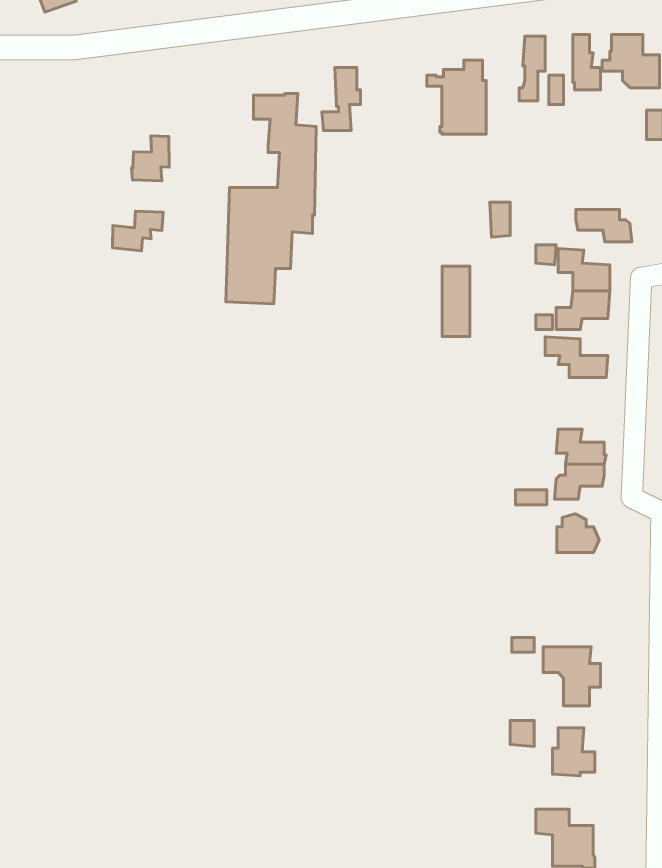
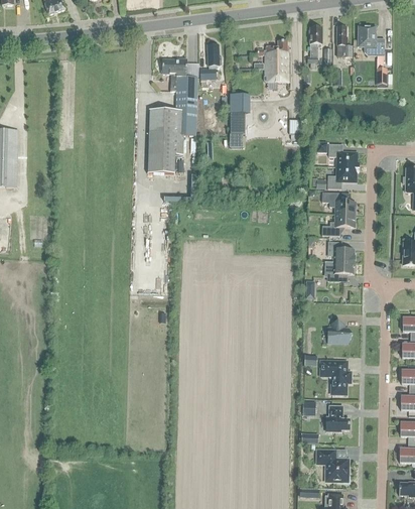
building: [132,136,169,181] -> none
building: [576,210,632,242] -> none
building: [113,211,163,251] -> none
building: [442,266,470,336] -> [231,94,246,132]
building: none -> [322,214,356,235]
building: [557,514,599,553] -> [328,321,352,342]

